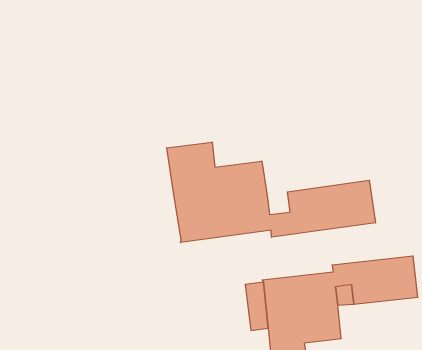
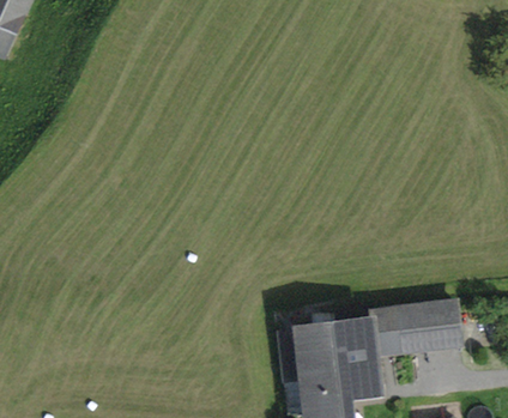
building: [167,142,375,243] -> none

